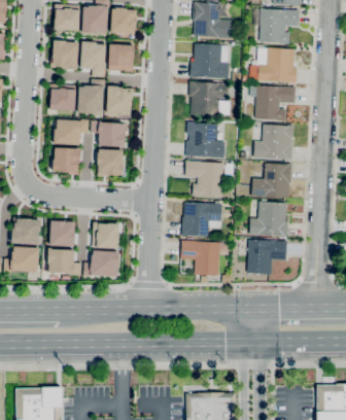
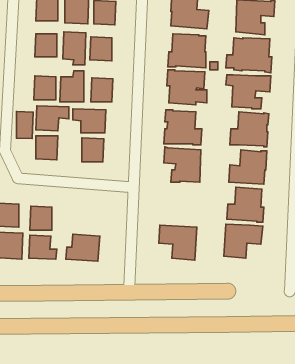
building: none -> [16,112,33,139]
building: [181,202,221,237] -> none
building: [97,221,119,246] -> none

